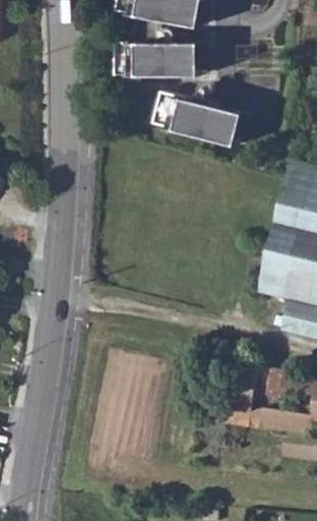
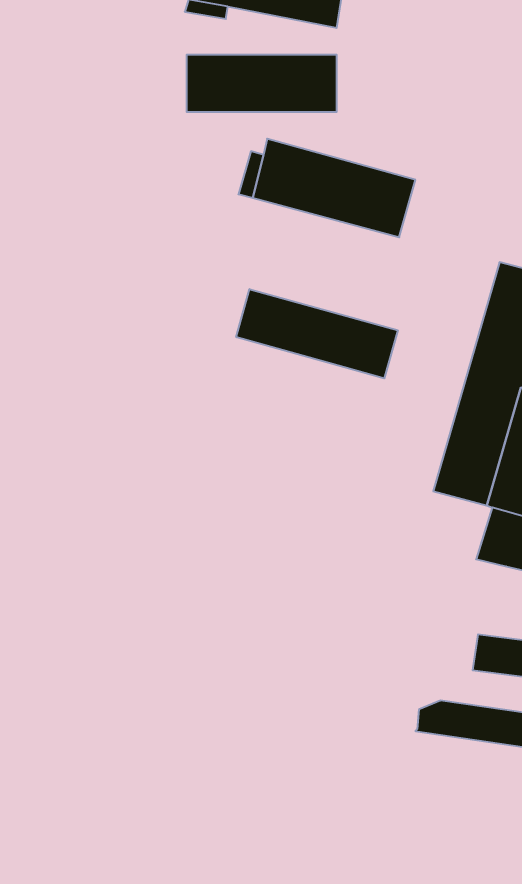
building: none -> [236,289,398,378]

